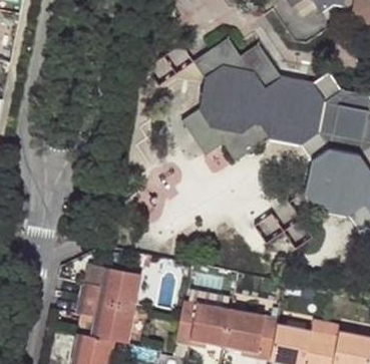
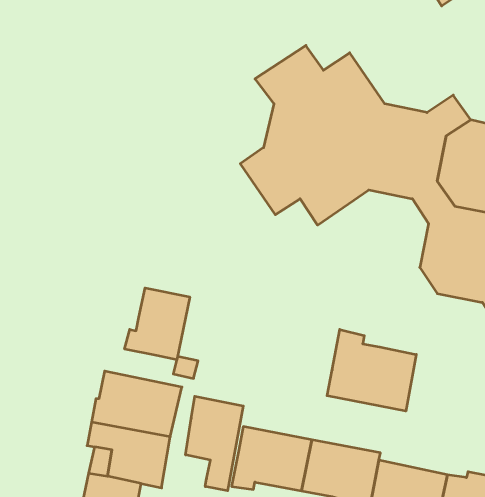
building: none -> [125,288,190,360]
building: none -> [327,329,416,411]
building: none -> [186,396,243,491]

